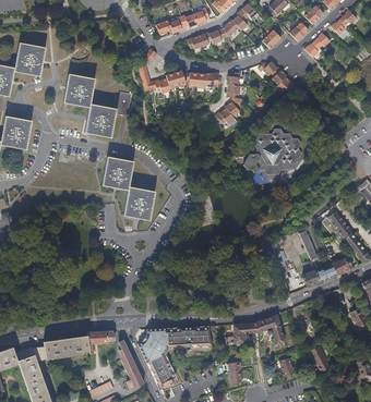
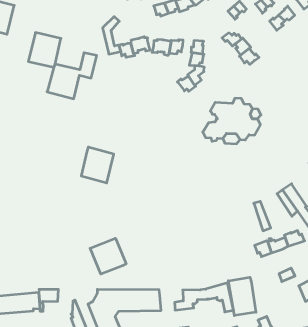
building: [101,156,133,190] -> none
building: none -> [90,238,126,274]
building: none -> [228,277,256,316]

